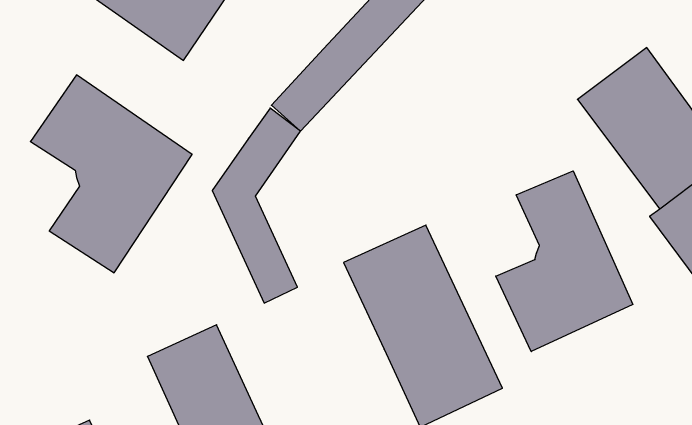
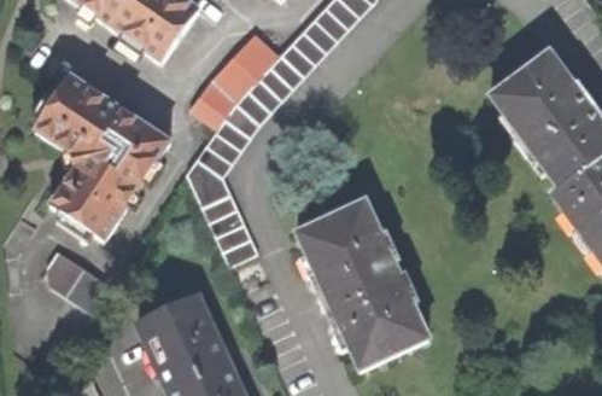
building: none -> [191,30,280,127]
building: [496,171,633,352] -> none
building: none -> [48,250,111,311]

